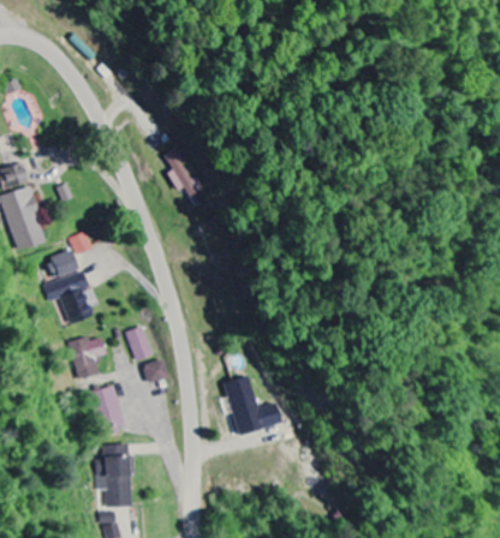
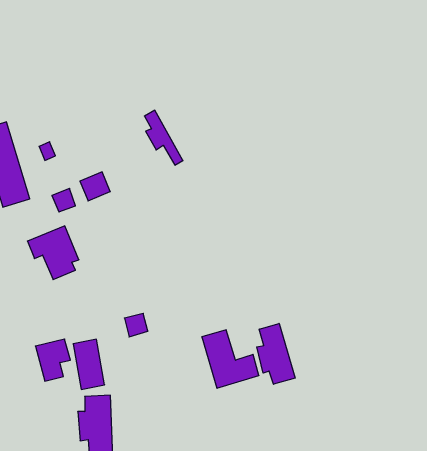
building: [47,249,78,279] -> [80,172,110,201]
building: [127,327,151,359] -> none
building: [69,335,105,378] -> [35,339,70,381]
building: none -> [257,323,295,384]

